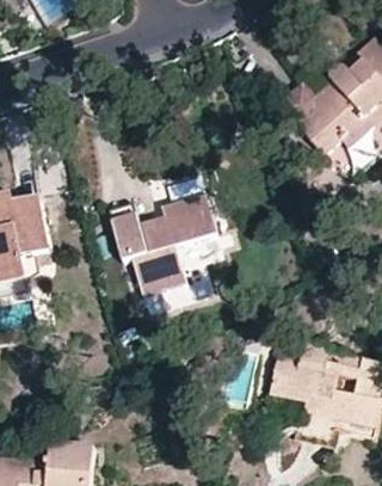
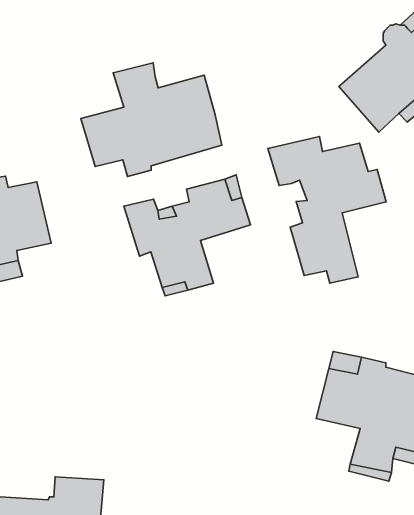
building: none -> [81,63,222,176]
building: none -> [268,136,386,283]

